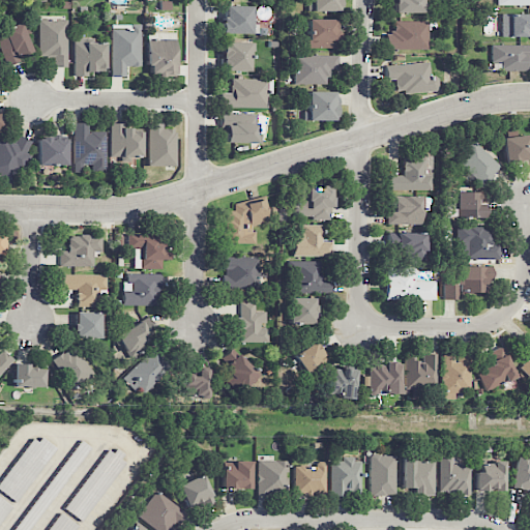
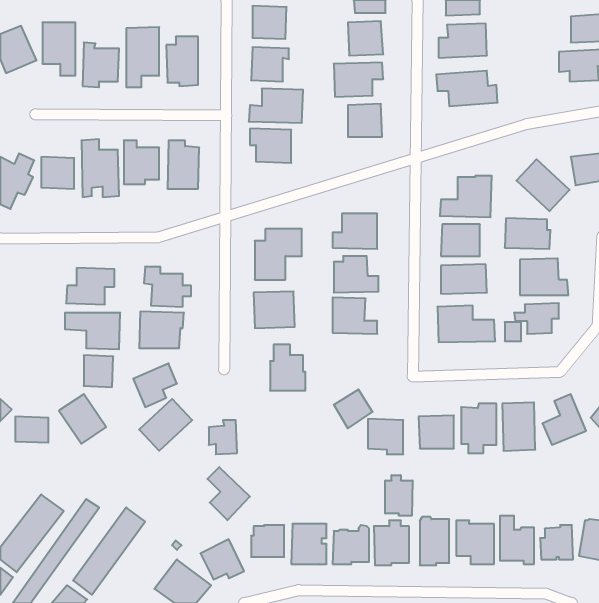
building: [292,298,319,324] -> none
building: [224,348,261,394] -> [207,467,250,520]
building: none -> [385,475,413,516]

